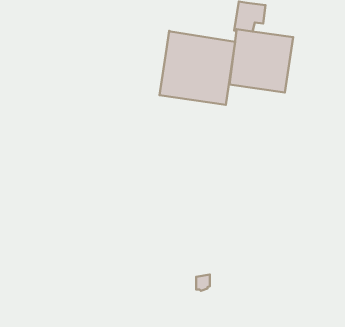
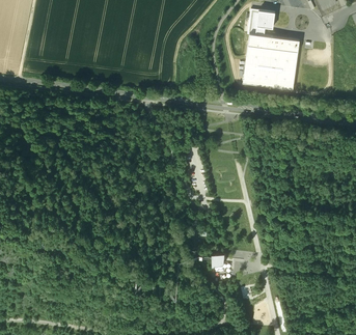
building: [160,31,235,105] -> none

